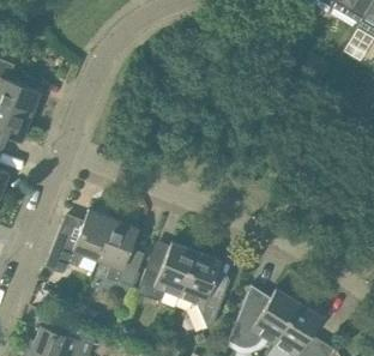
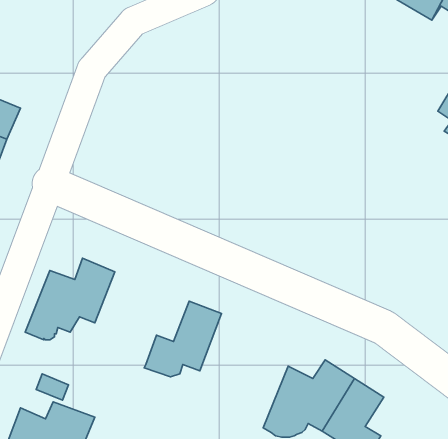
building: [98,219,143,285] -> none
building: [180,252,225,328] -> none

